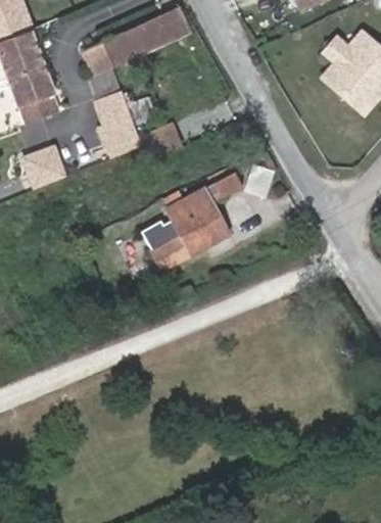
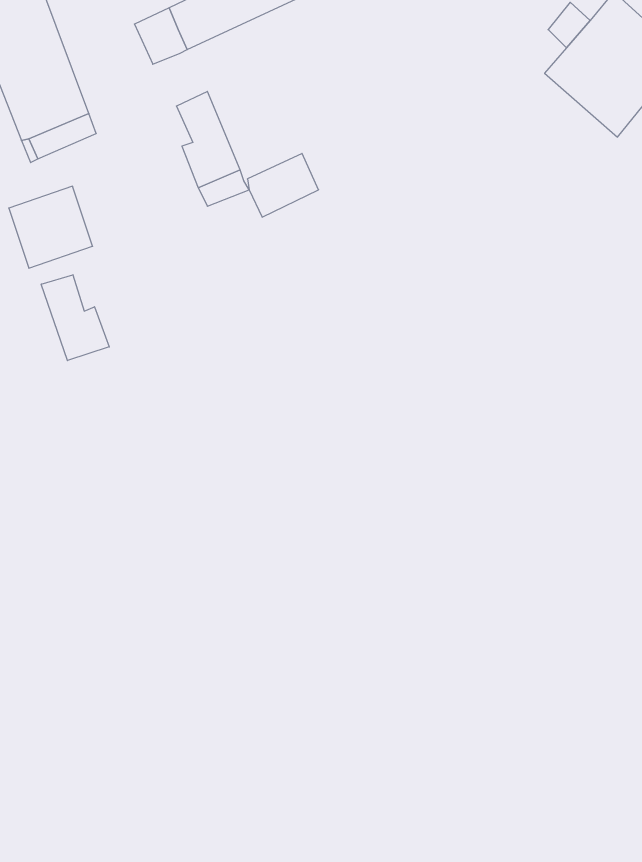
building: [152,182,235,279] -> none
building: none -> [41,275,109,361]

